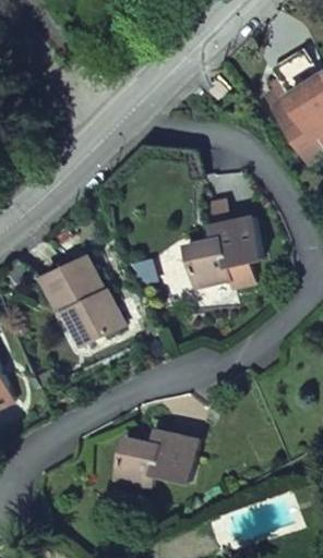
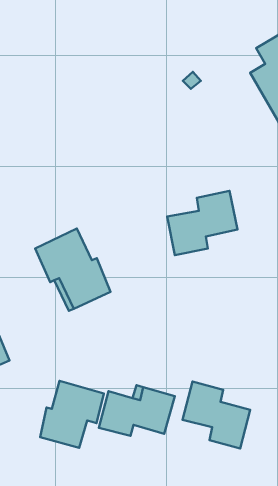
building: none -> [40,381,104,448]
building: none -> [183,382,250,448]

